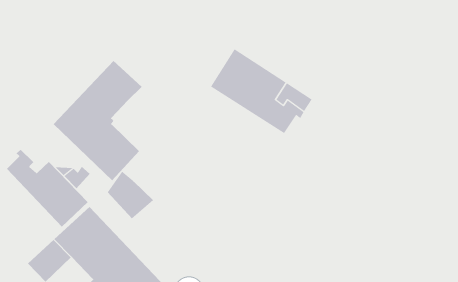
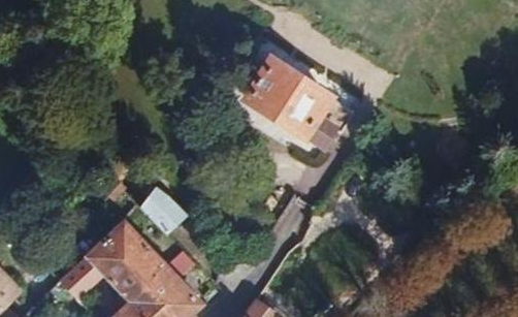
building: [53,60,143,181] -> none
building: [6,149,89,227] -> none

